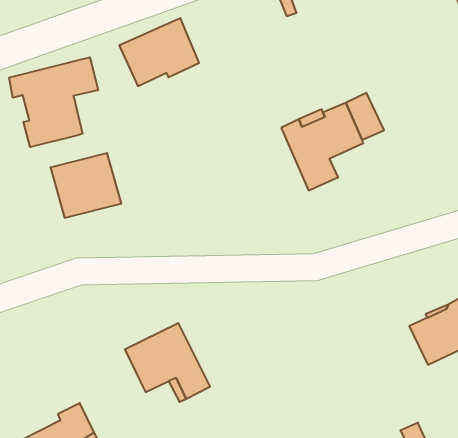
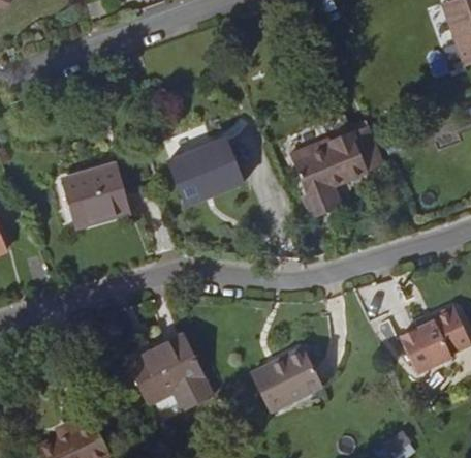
building: [119,18,199,86] -> [169,138,245,202]
building: [9,57,98,147] -> none
building: none -> [257,347,326,413]

